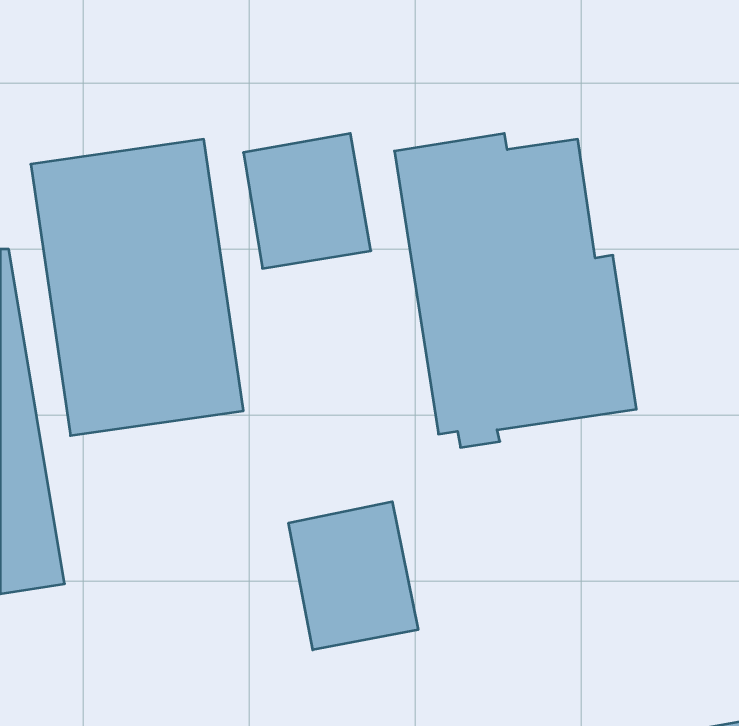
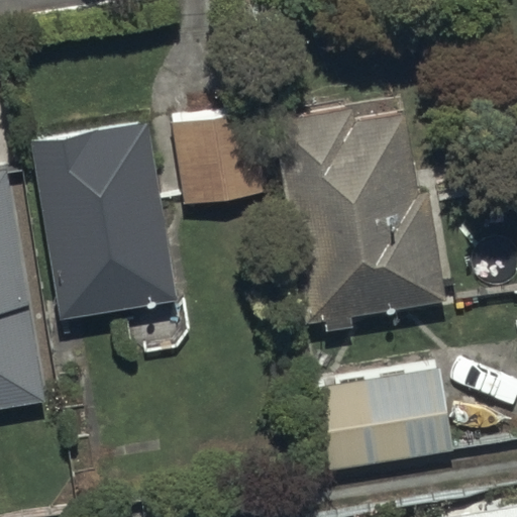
building: [289,502,418,650] -> none
building: none -> [314,366,456,470]

